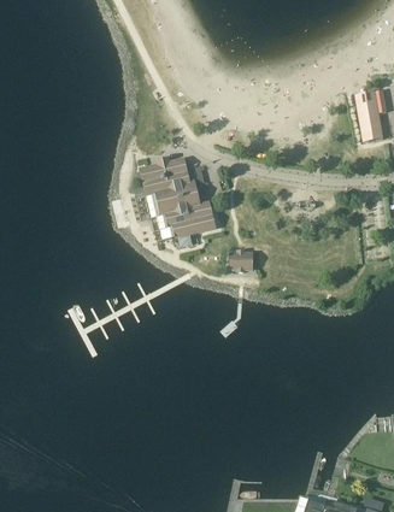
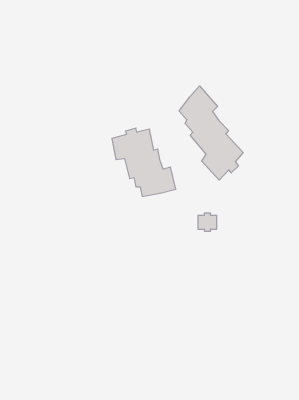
building: none -> [179,86,243,180]

